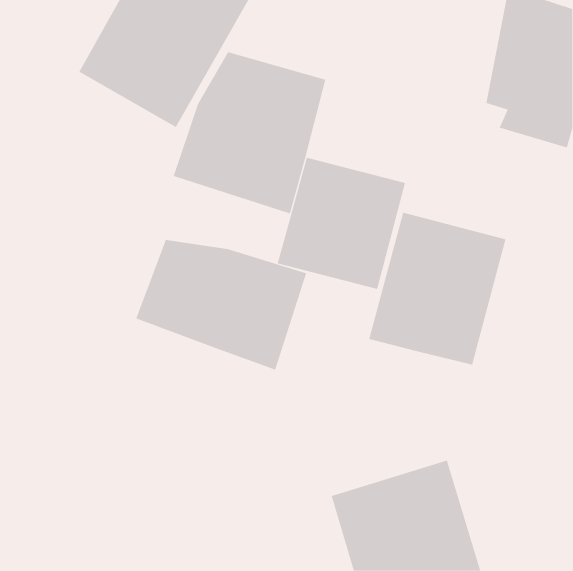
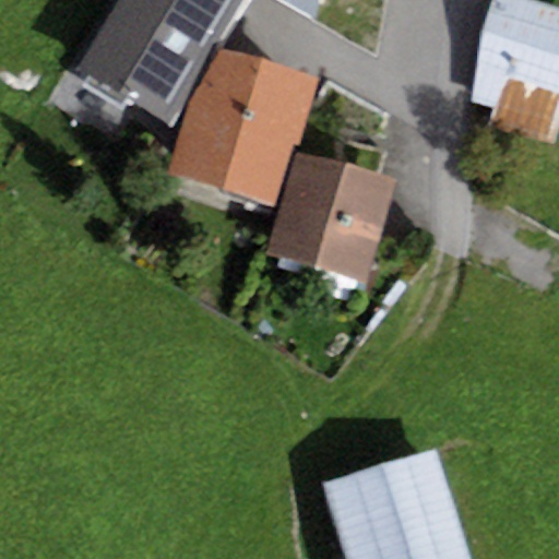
building: [368,212,506,366] -> none
building: [136,239,307,370] -> none

